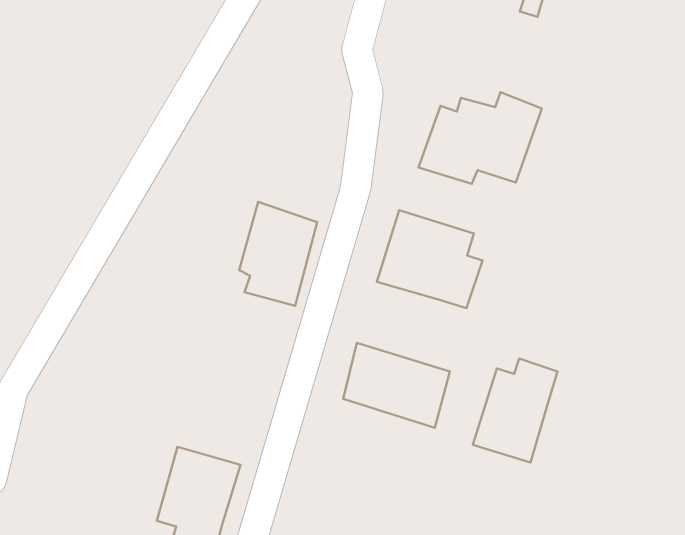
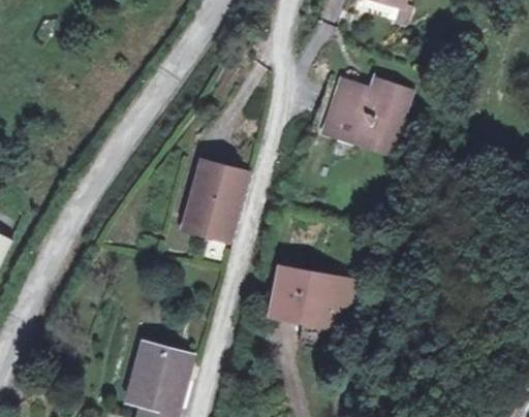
building: [377,210,482,308] -> none
building: [473,358,557,462] -> none

